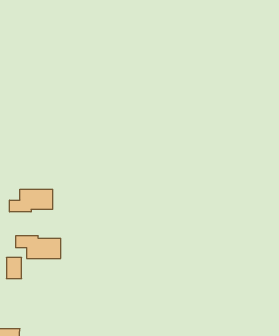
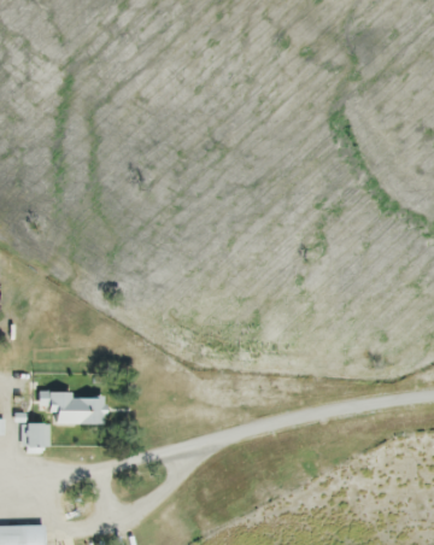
building: [10,189,53,212] -> none

